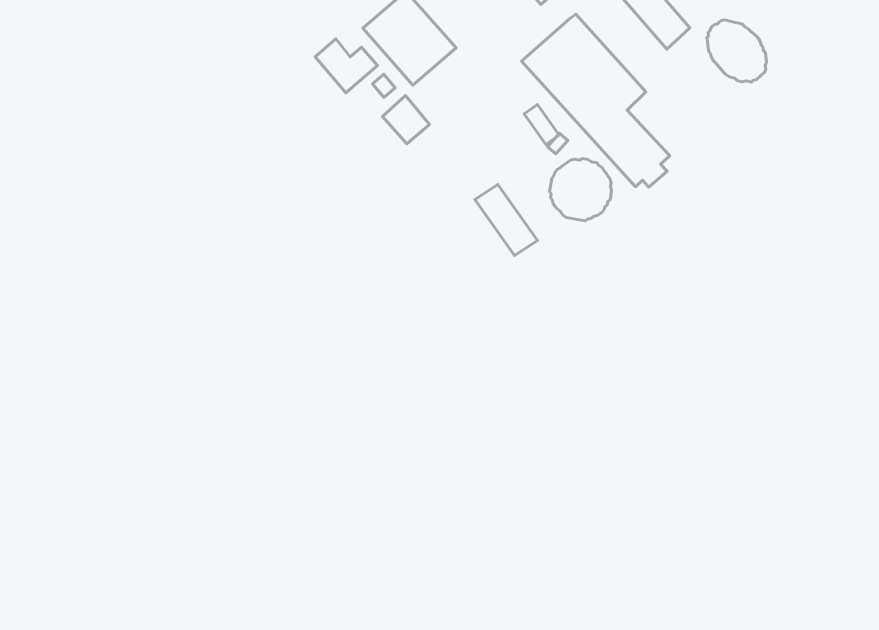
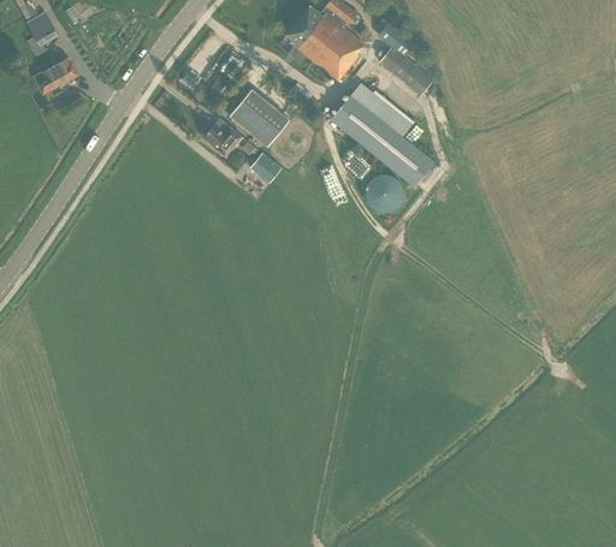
building: [707,20,767,82] -> none
building: [475,184,537,256] -> none

